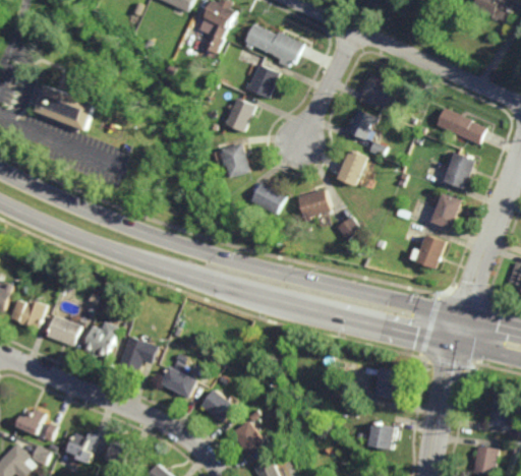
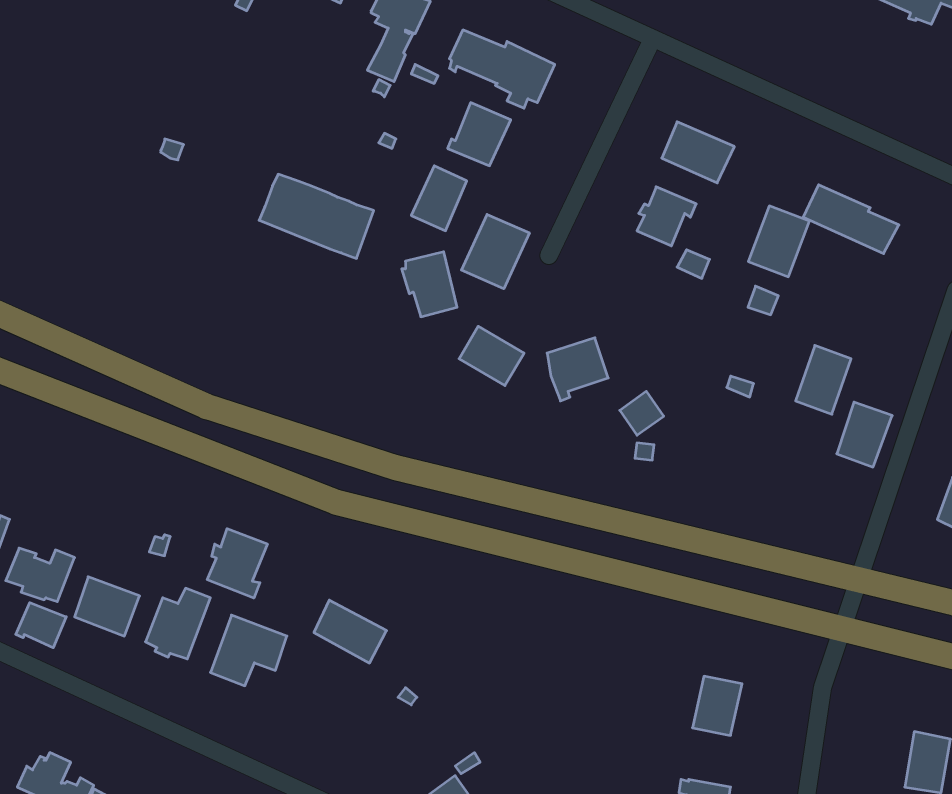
building: [34,84,95,129] -> [259,174,374,258]
building: none -> [461,214,529,289]
building: [335,150,365,185] -> none
building: [441,152,473,189] -> [748,206,809,277]
building: [414,235,444,270] -> [837,402,892,467]
building: none -> [207,529,267,598]
building: none -> [16,603,66,648]
building: [161,366,199,400] -> [314,600,387,663]
building: [201,390,236,423] -> none

